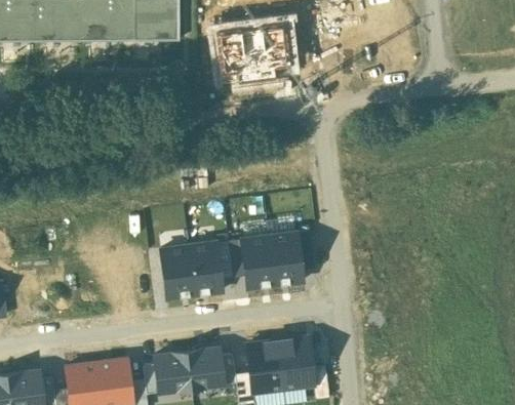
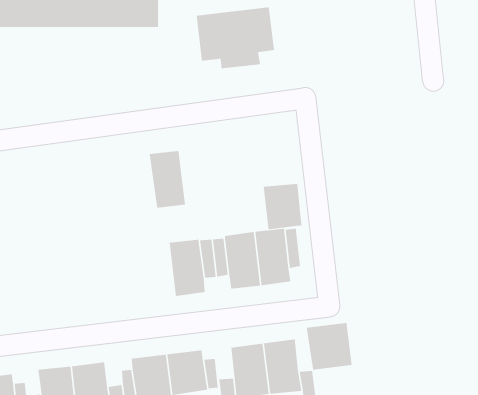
building: none -> [263,183,302,230]
building: [159,244,194,298] -> [149,151,186,208]
building: none -> [306,322,352,370]

